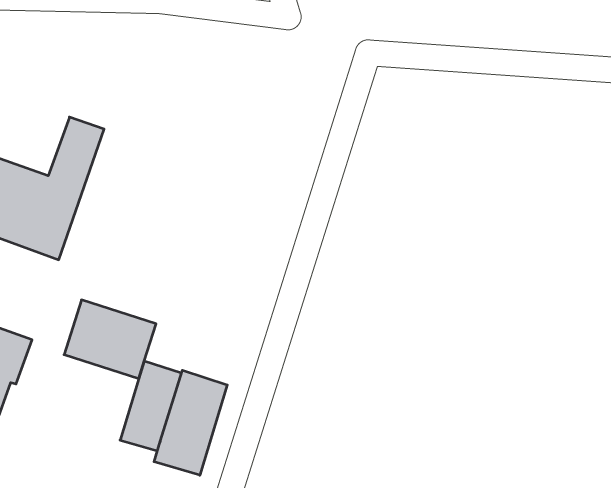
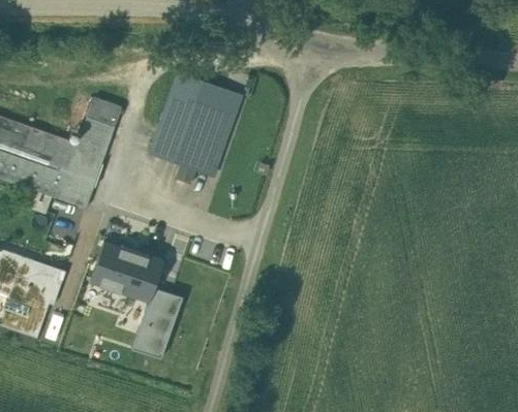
building: none -> [152,75,238,173]
building: [154,370,227,475] -> none

